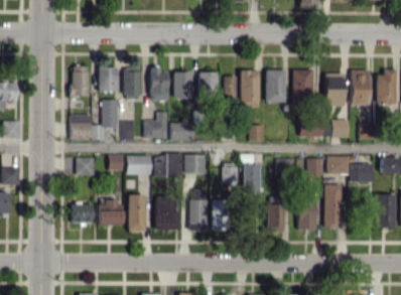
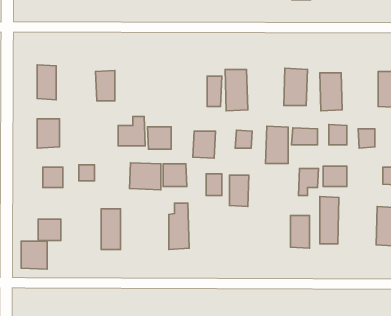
building: [99,66,118,92] -> none
building: [150,68,169,100] -> none
building: [265,68,285,102] -> [266,126,288,163]
building: [351,69,370,105] -> none
building: [173,71,192,98] -> none
building: [198,71,219,96] -> [193,131,215,158]
building: [103,99,118,127] -> none
building: [126,155,150,174] -> none
building: [350,163,373,181] -> none
building: [99,199,122,225] -> [21,241,47,269]
building: [212,199,231,230] -> none
building: [155,200,178,230] -> none
building: [267,203,285,232] -> none

